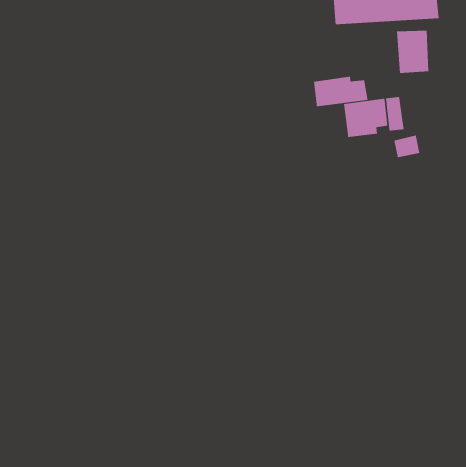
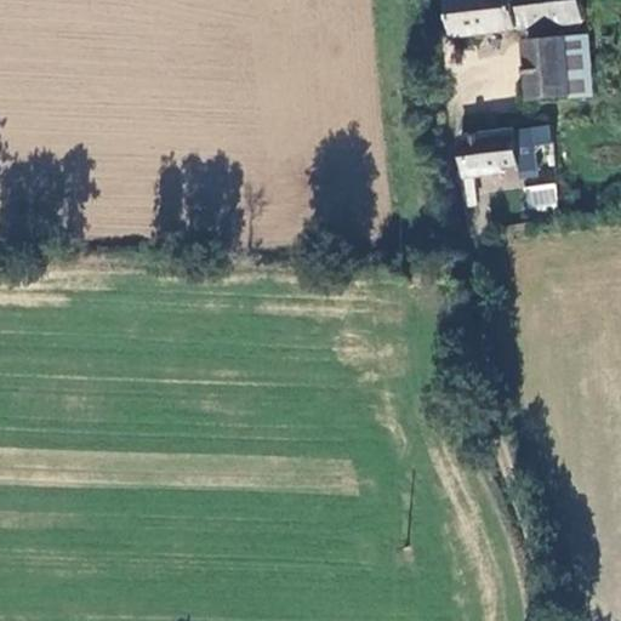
building: none -> [565,38,592,95]
building: [313,76,368,107] -> none

